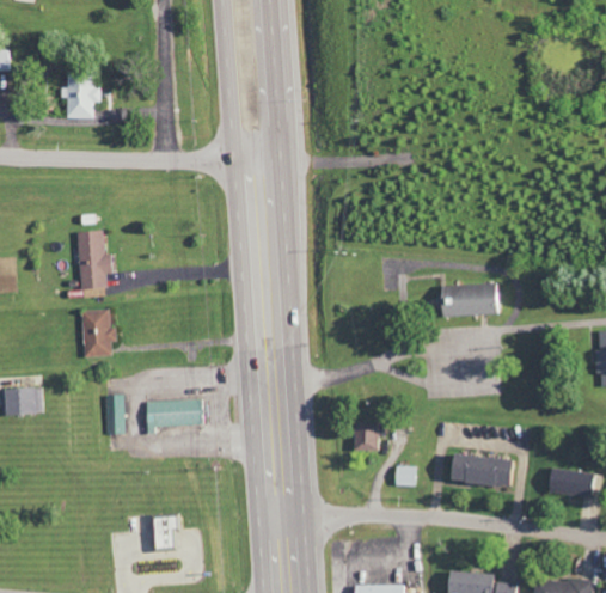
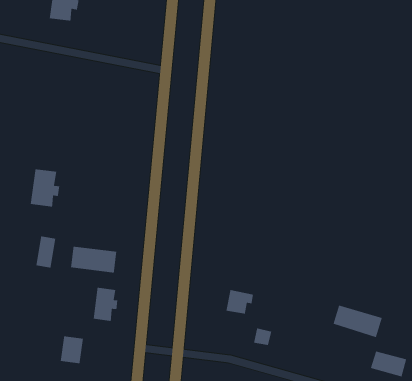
building: [76,231,110,289] -> none
building: [441,283,502,317] -> none
building: none -> [93,287,118,322]
building: [455,453,518,488] -> [332,305,383,338]

